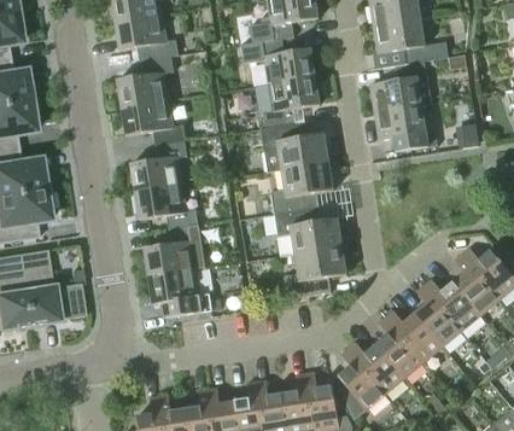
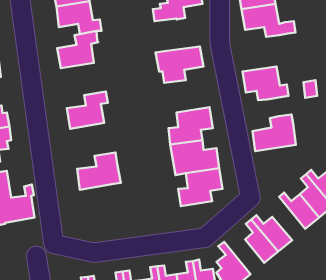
building: [240,37,315,82] -> none
building: [370,60,431,111] -> [253,115,296,151]
building: [122,99,185,144] -> none
building: [261,121,328,170] -> none
building: [135,182,198,228] -> none
building: [148,267,215,318] -> none
building: [415,285,461,345] -> none
building: [349,342,404,392] -> none

